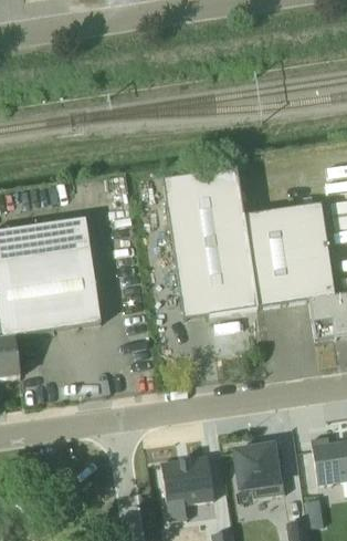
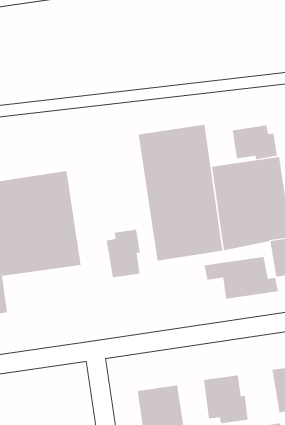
building: none -> [232,124,277,160]
building: none -> [106,229,141,278]
building: none -> [204,256,279,300]

